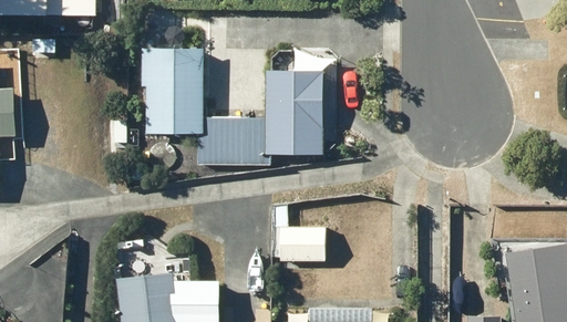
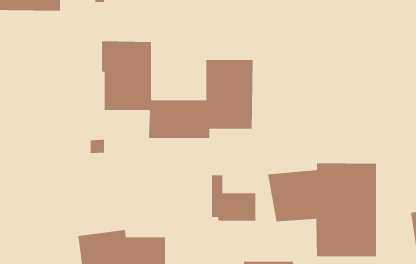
building: none -> [267,163,377,257]

